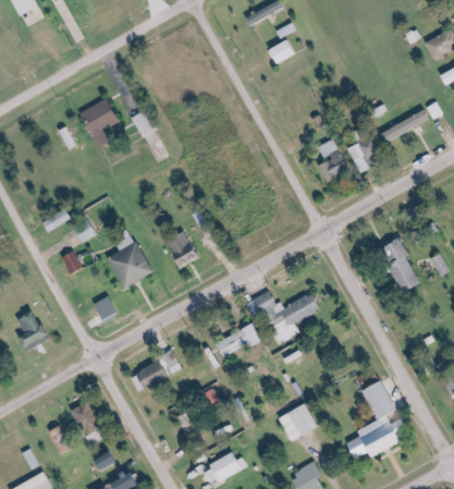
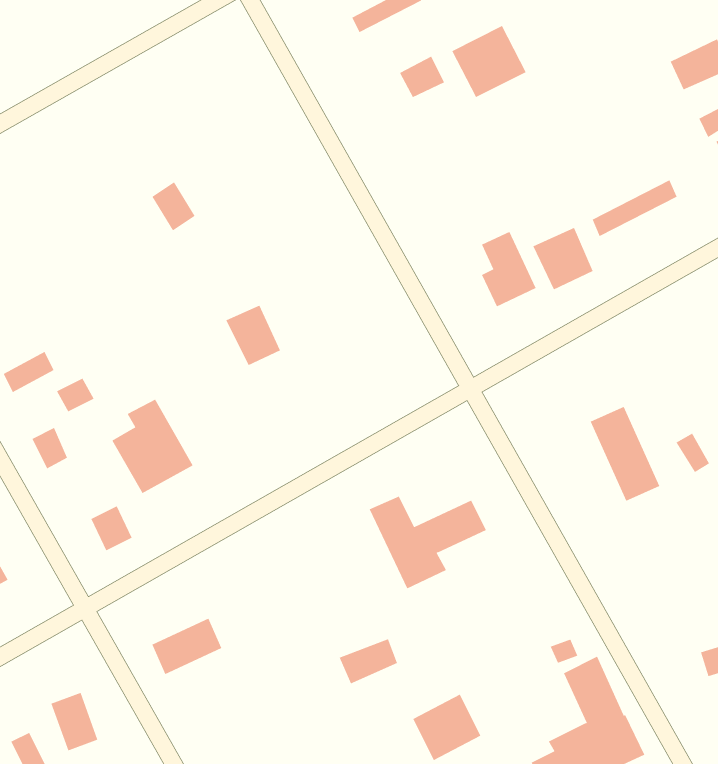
building: none -> [451,25,527,98]
building: [79,98,118,148] -> none
building: [165,231,197,266] -> [225,305,281,366]
building: [213,329,247,355] -> [339,638,398,684]

